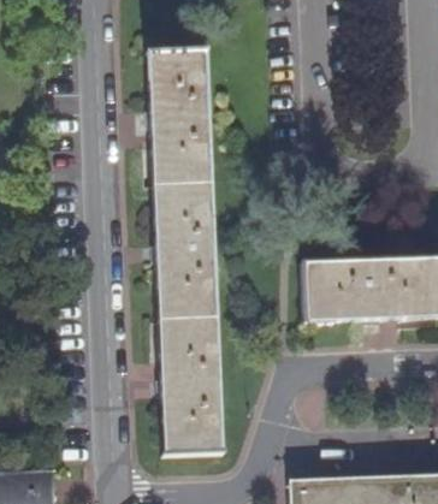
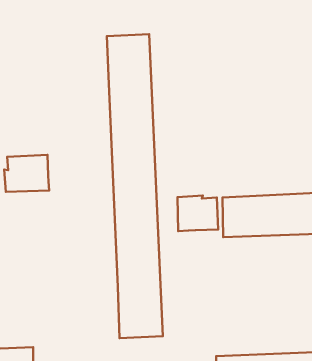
building: none -> [4,155,49,192]
building: none -> [178,195,218,231]

